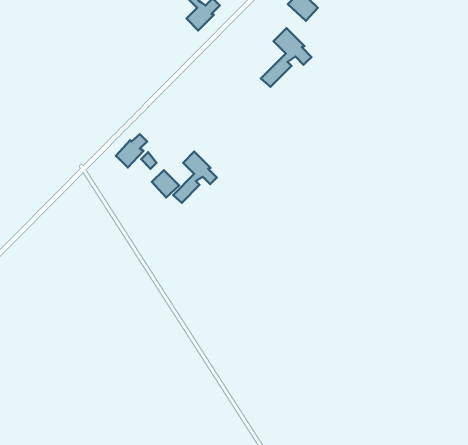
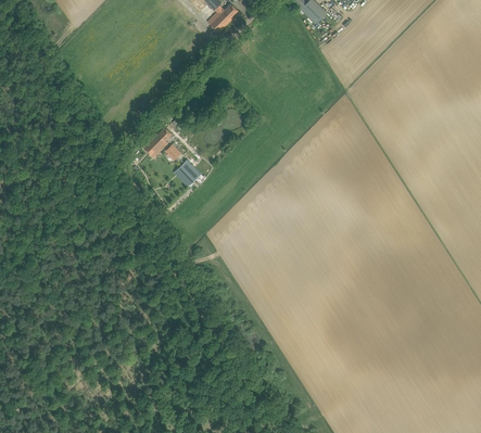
building: [261,28,312,87] -> none
building: [173,152,217,203] -> none

